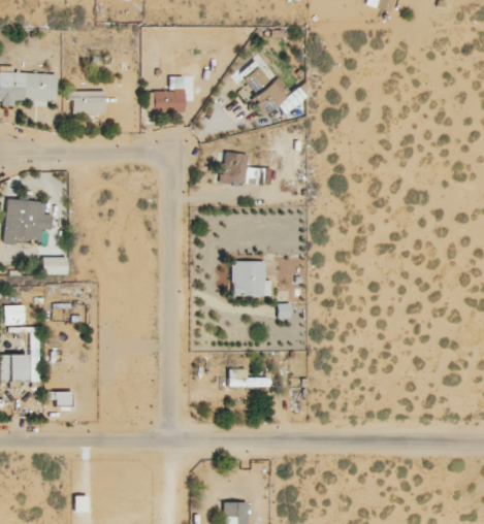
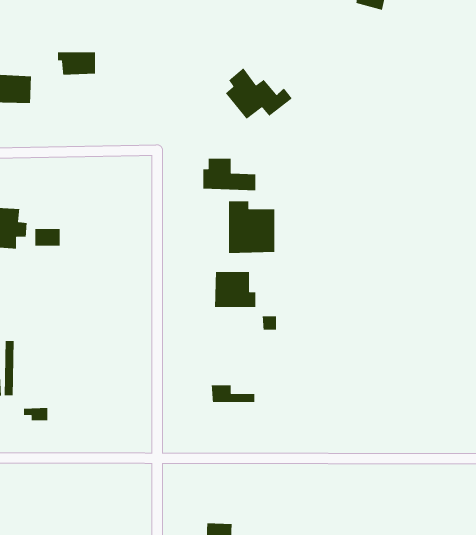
building: [154,76,185,112] -> none
building: [68,91,105,113] -> [57,52,96,75]
building: none -> [228,200,275,254]
building: [42,257,67,274] -> [34,228,60,246]

